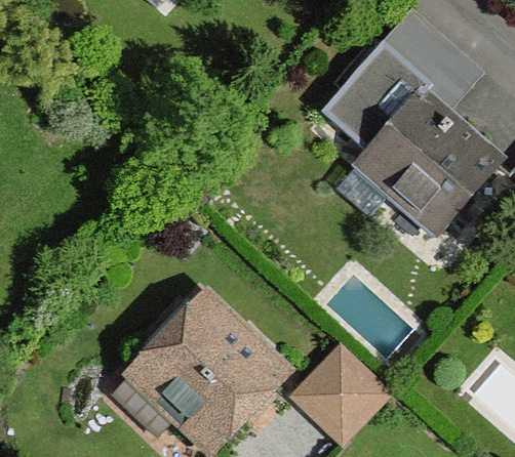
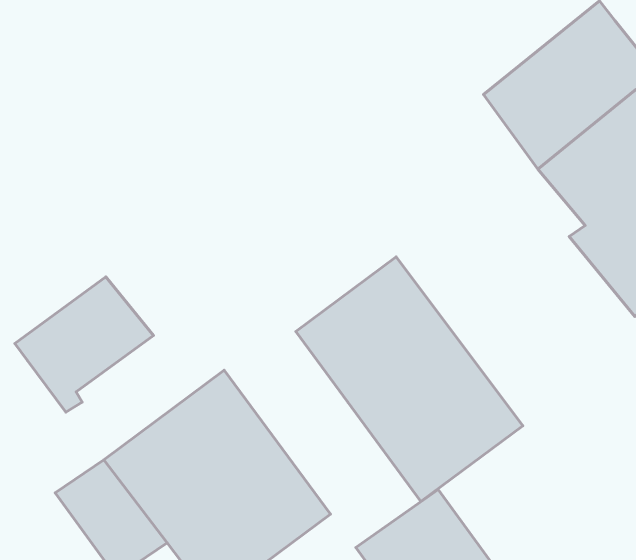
building: none -> [296,257,523,502]
building: none -> [15,277,154,412]

